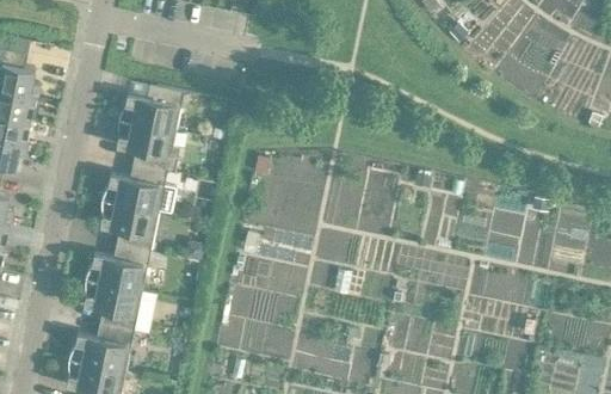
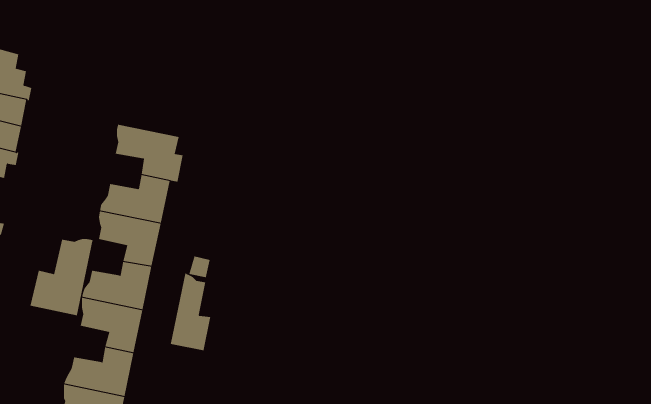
building: [117,86,183,131] -> none
building: none -> [30,238,93,316]
building: none -> [170,272,211,351]

